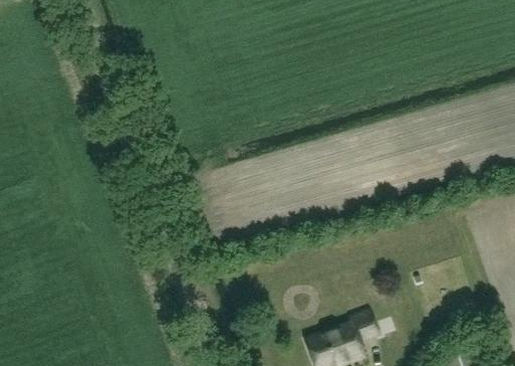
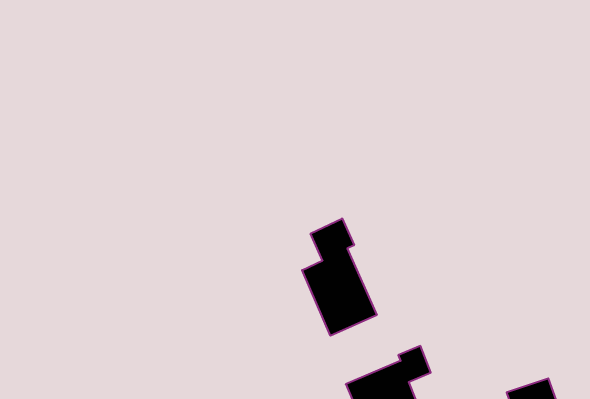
building: none -> [302,218,377,336]

